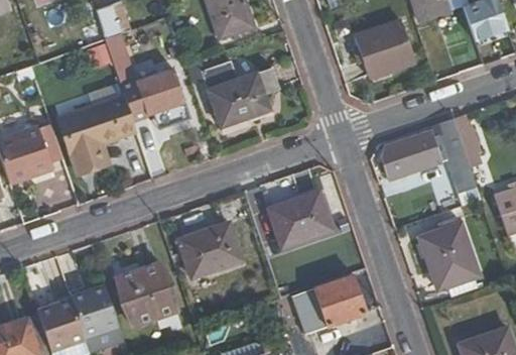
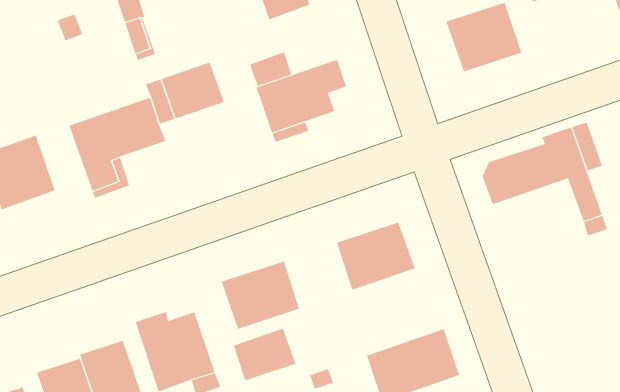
building: [421,222,480,288] -> none
building: none -> [233,328,296,381]

